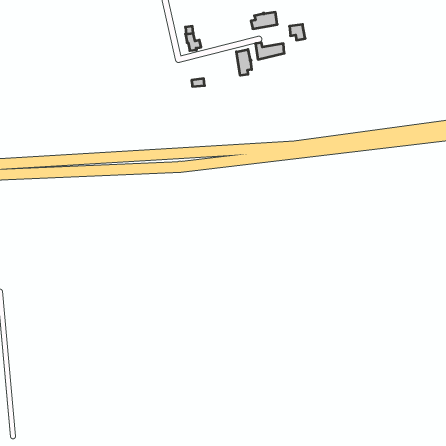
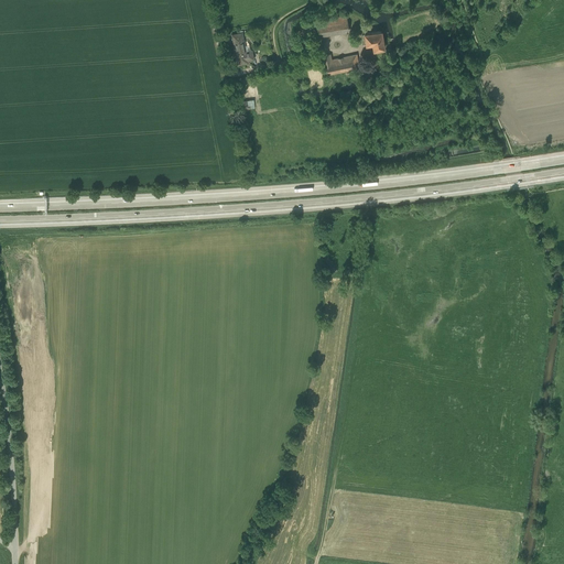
building: [236,49,252,75] -> none

